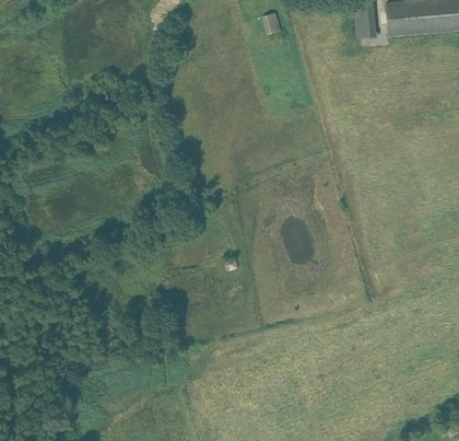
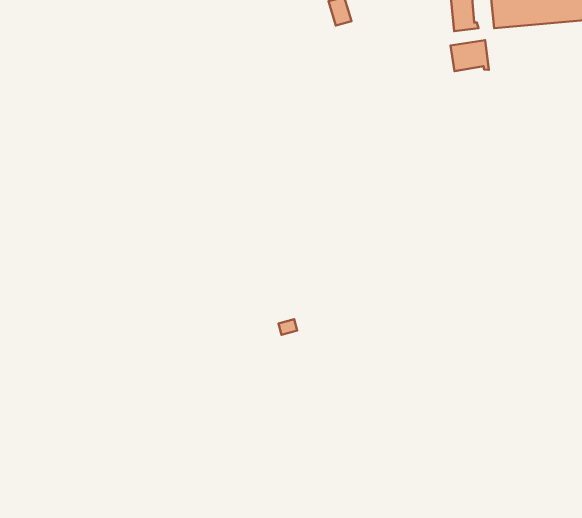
building: none -> [451,40,489,71]

